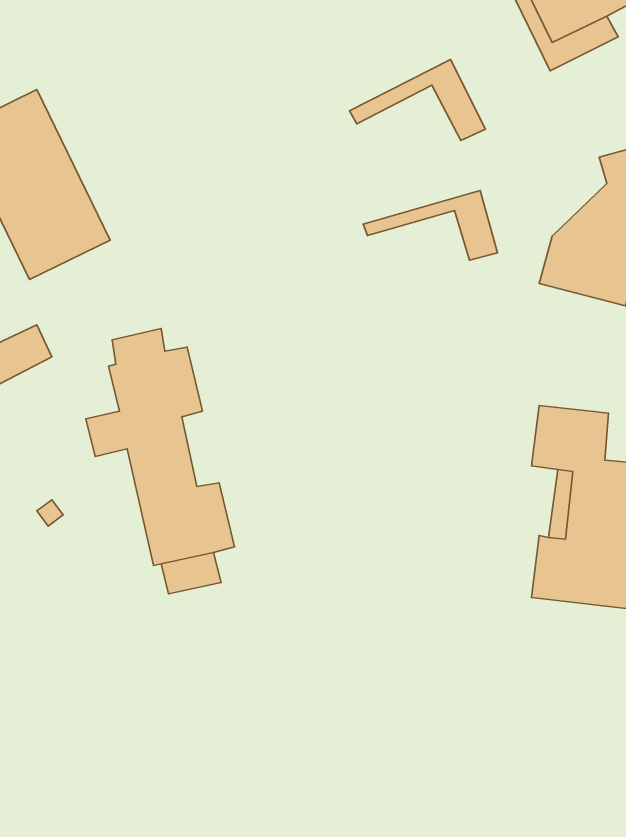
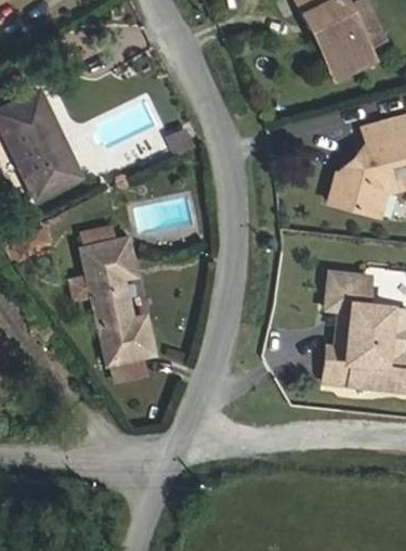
building: [349,59,485,141] -> none
building: [363,191,498,260] -> none

